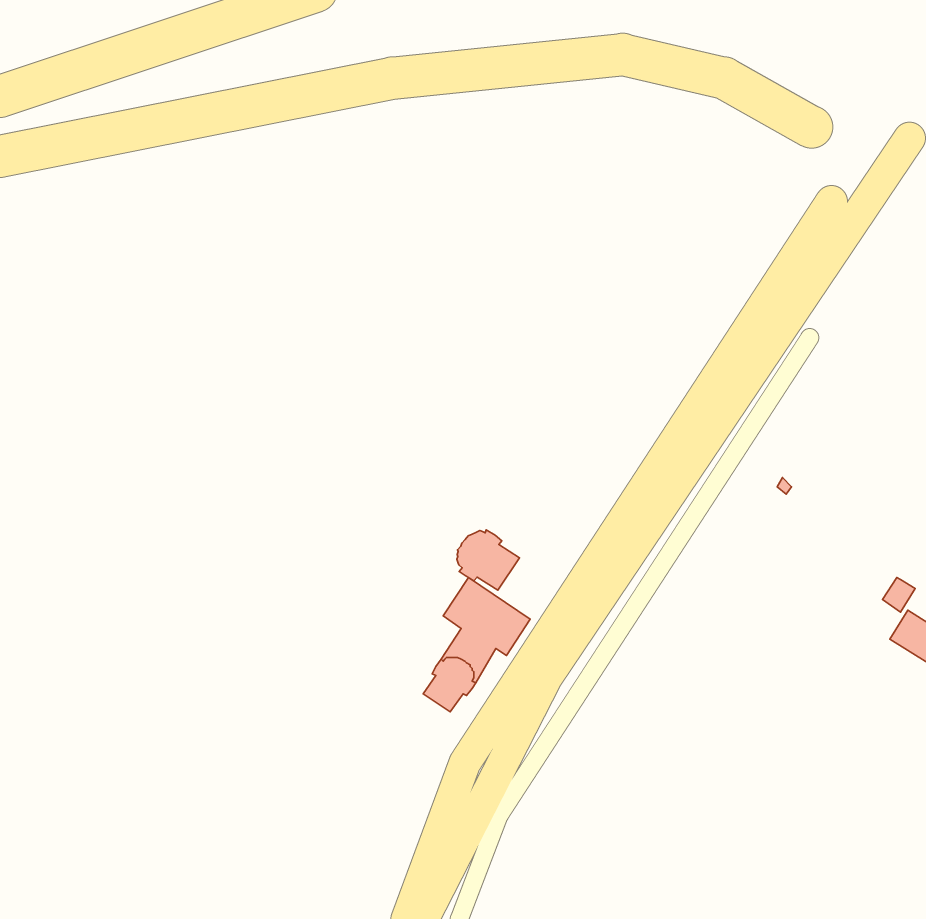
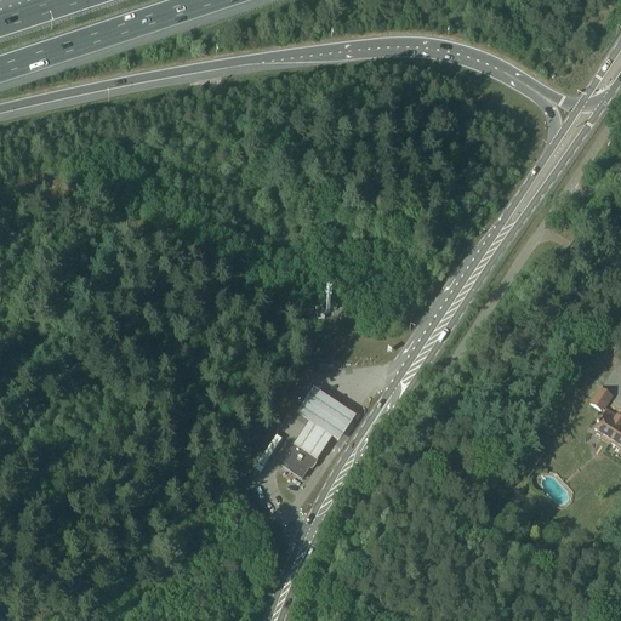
building: [457,530,520,590] -> none

